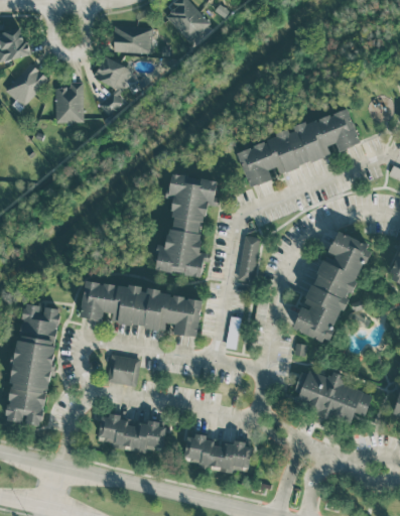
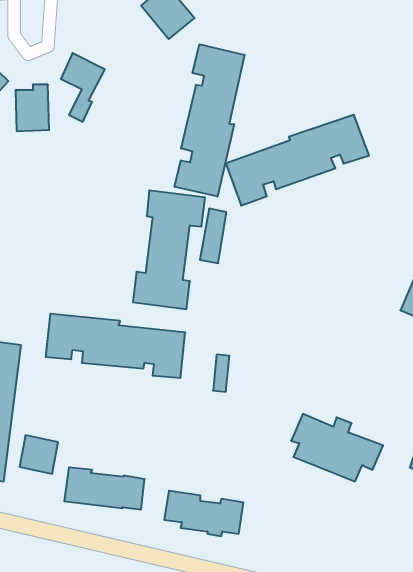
building: [113,26,153,53] -> none
building: none -> [175,44,245,197]
building: [293,232,372,344] -> none
building: [237,236,260,283] -> [200,209,226,263]
building: [107,354,140,387] -> [20,435,58,474]

